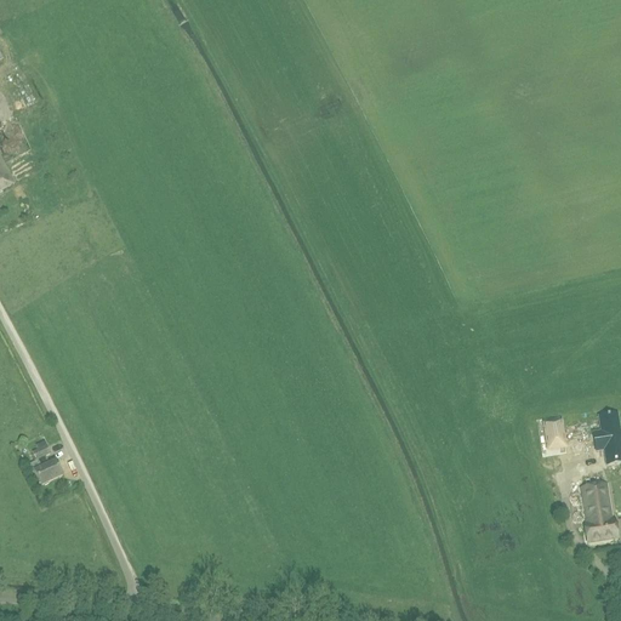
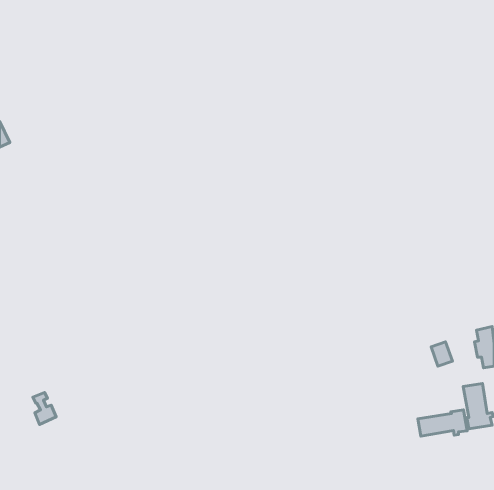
building: [32,441,61,482] -> [33,392,56,424]
building: none -> [418,410,467,436]

